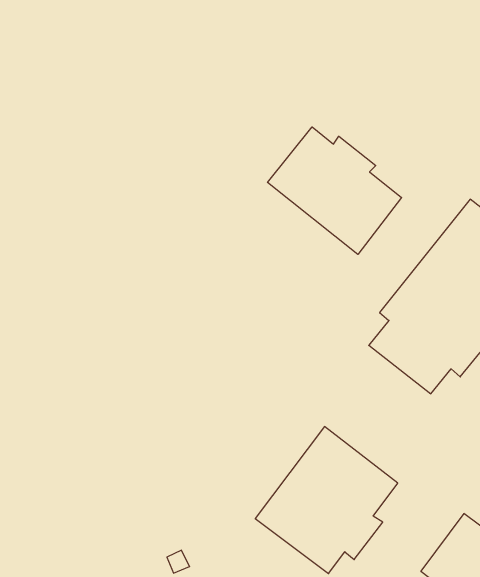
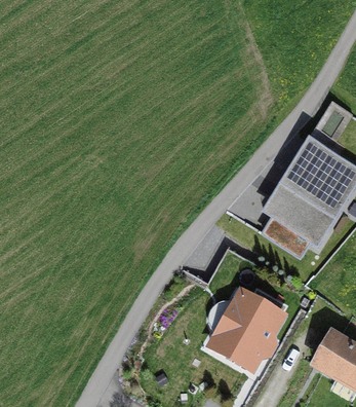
building: [268,127,402,254] -> none

